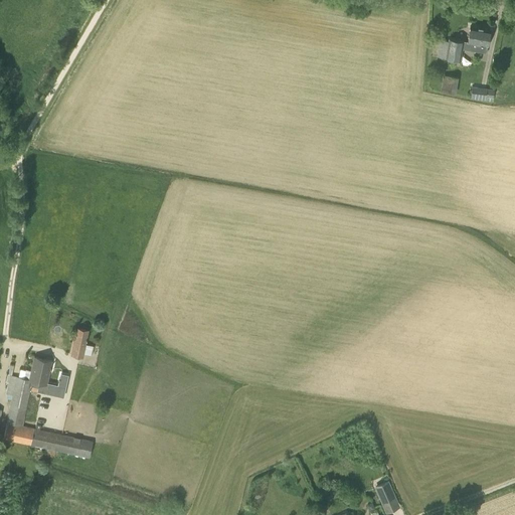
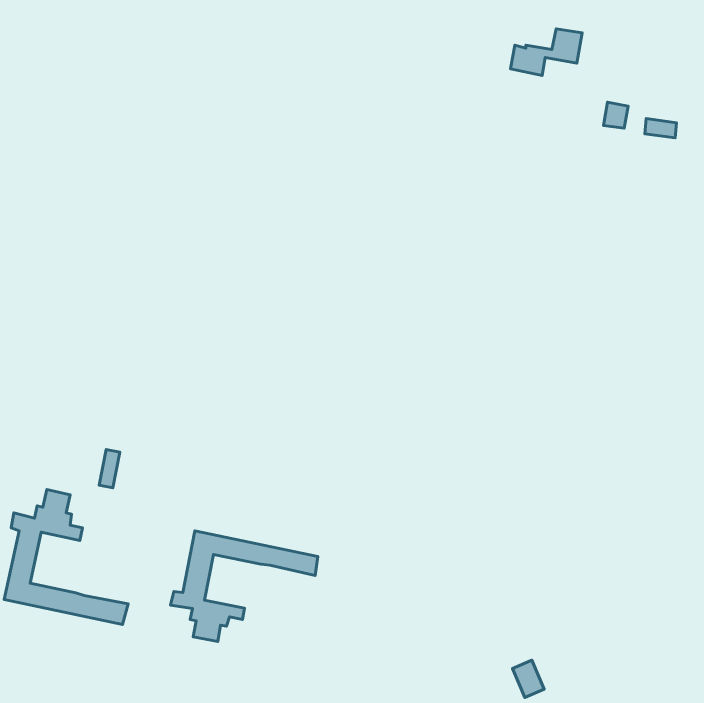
building: [438,27,490,61] -> [511,29,582,76]
building: none -> [171,531,318,641]

